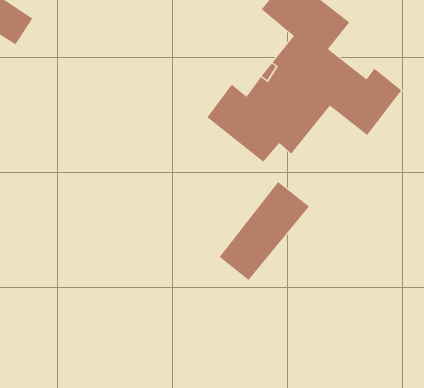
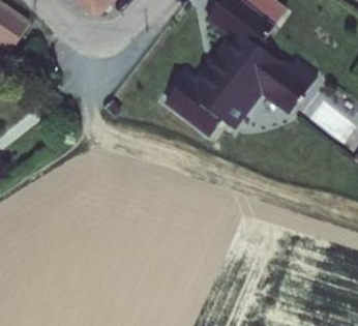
building: [219,181,310,281] -> none

